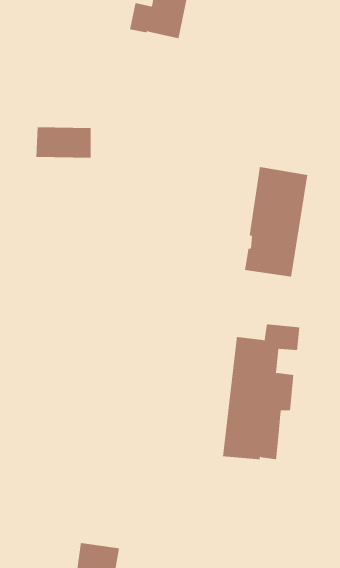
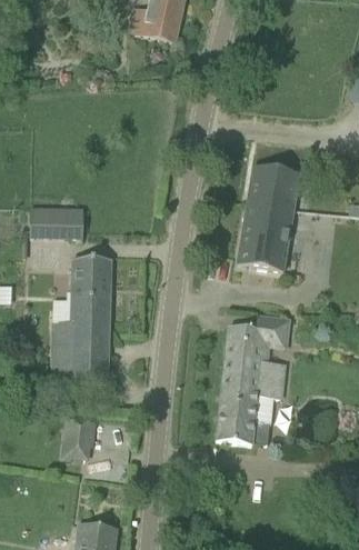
building: [36,127,91,158] -> [29,208,82,238]
building: none -> [52,258,111,383]
building: none -> [59,419,97,462]

